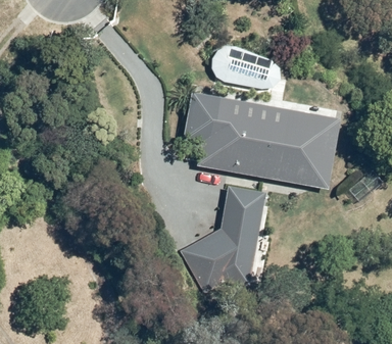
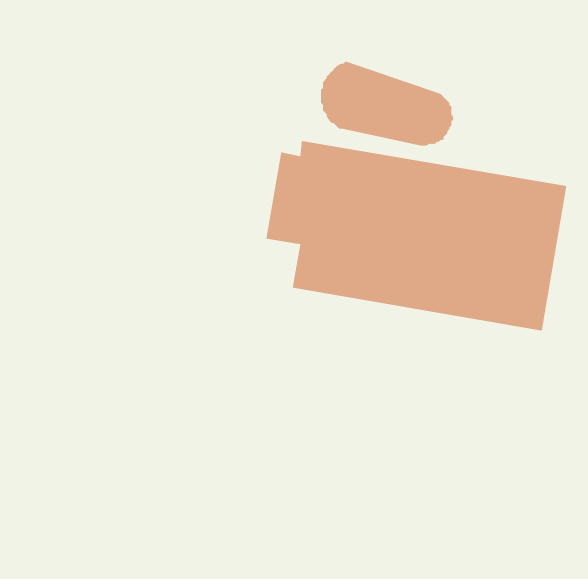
building: [182,187,270,295] -> none

